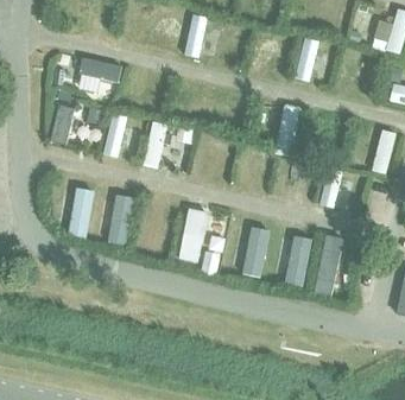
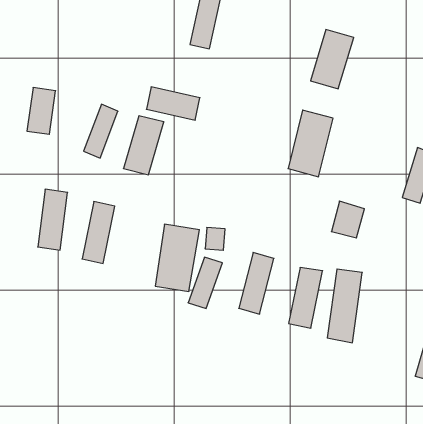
building: [77,57,121,82] -> [146,87,200,120]

